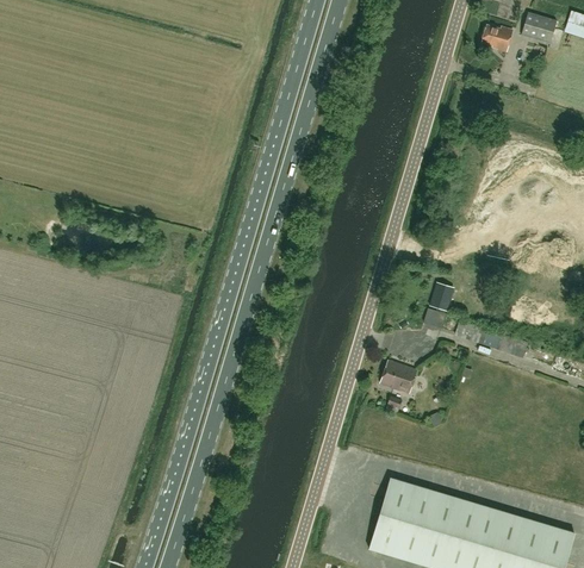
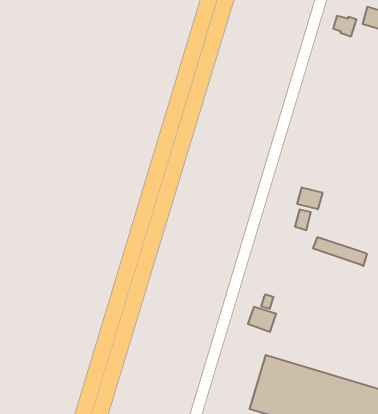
building: none -> [297,187,322,209]
building: [379,361,417,394] -> [248,307,276,332]

